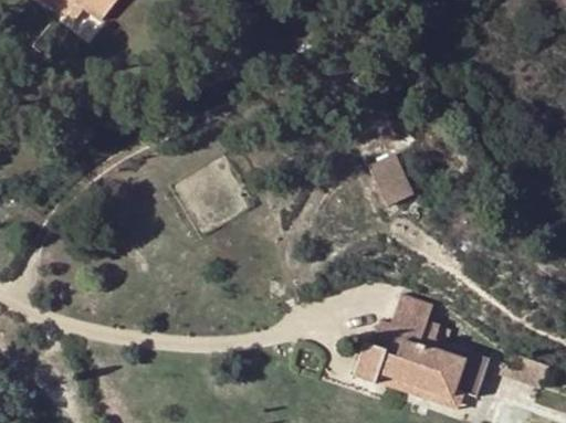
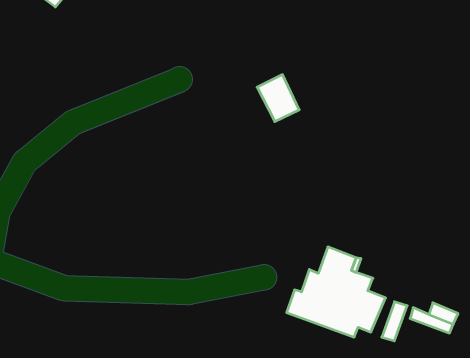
building: [368,152,416,205] -> [257,75,299,122]
building: [353,350,479,410] -> none

